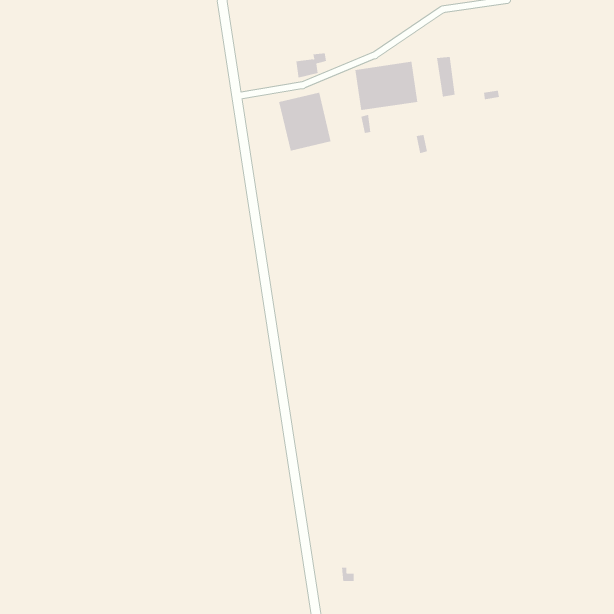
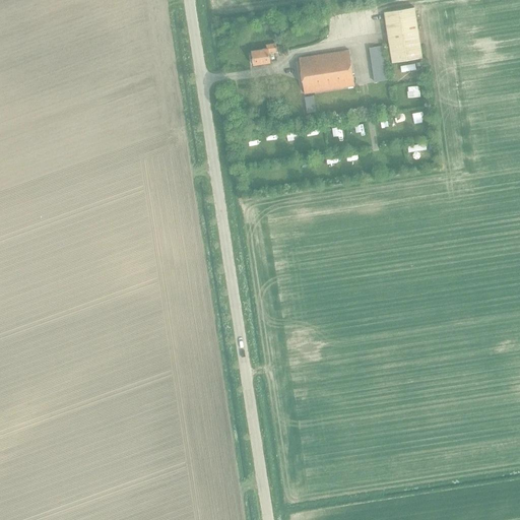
building: none -> [383,8,420,63]
building: [279,92,331,152] -> none

